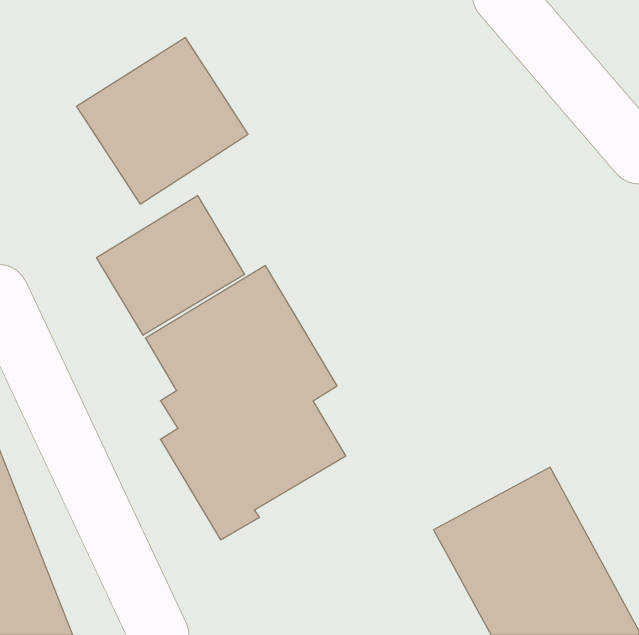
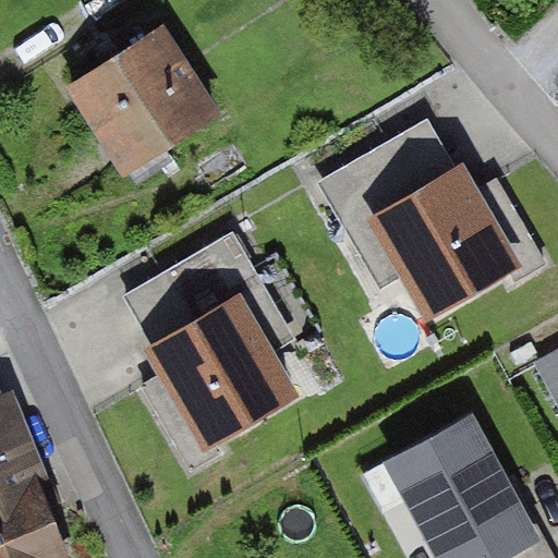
building: none -> [322,122,544,325]
building: [97,195,245,335] -> none

